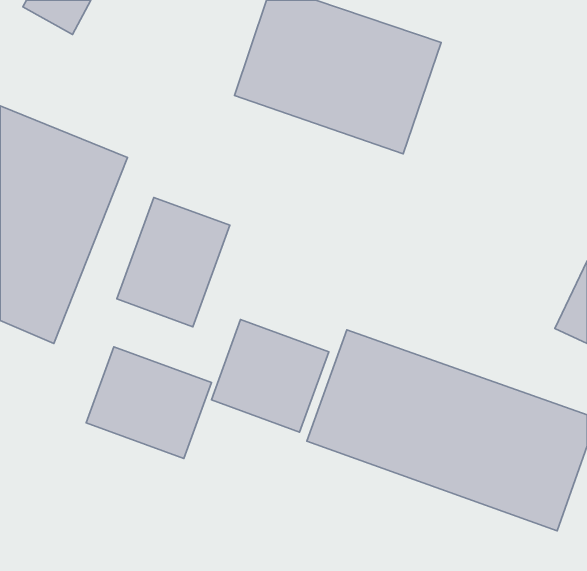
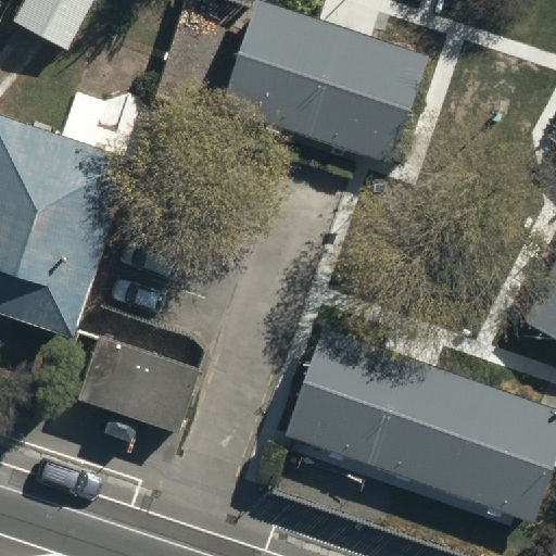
building: [117,197,230,327] -> none
building: [211,319,329,432] -> none

